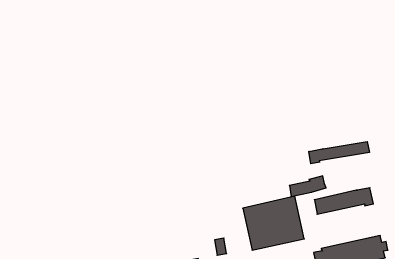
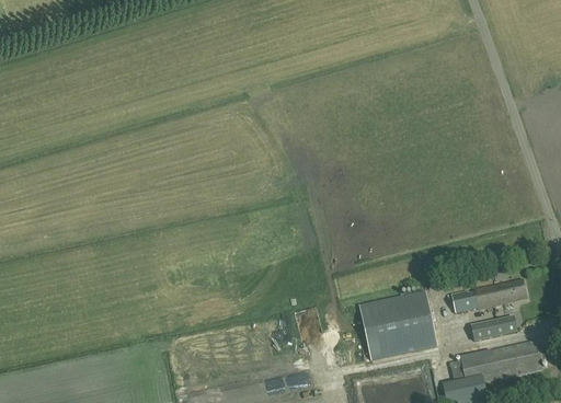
building: [309,142,369,164] -> none
building: [289,176,326,196] -> [470,315,517,342]

